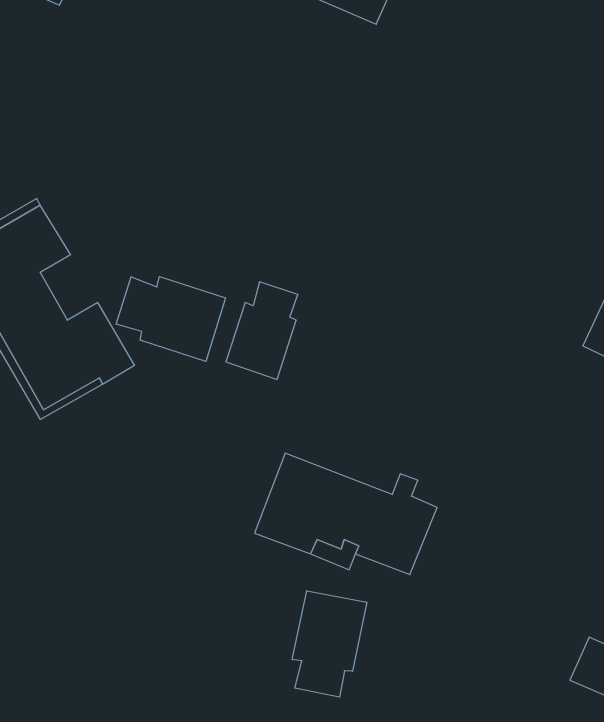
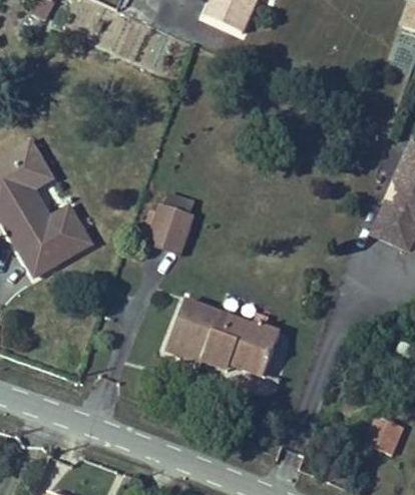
building: [116,277,225,361] -> none
building: [292,591,367,697] -> none

